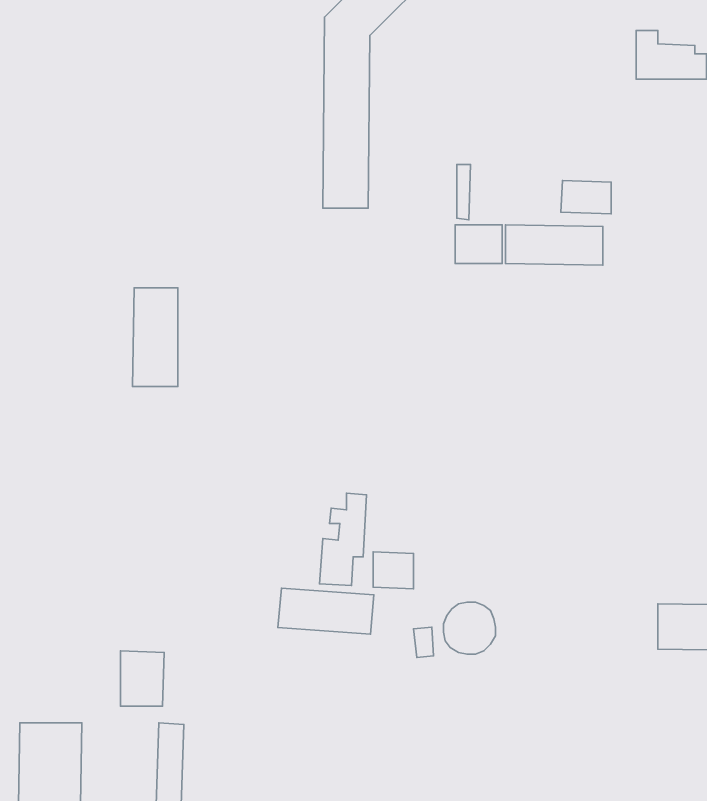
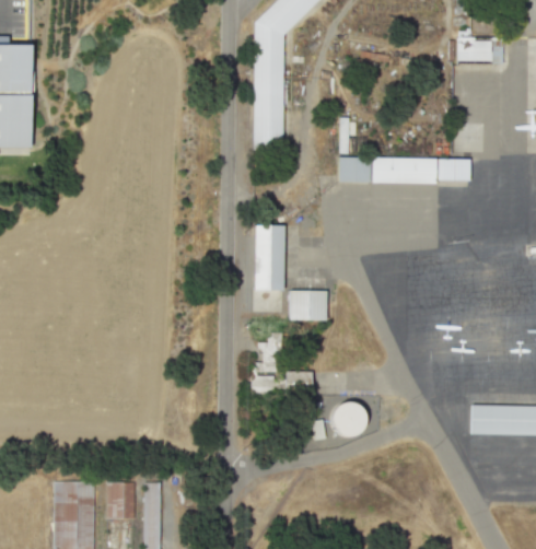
building: [561,180,611,214] -> [438,159,470,180]
building: [133,288,178,387] -> [254,225,283,290]
building: none -> [290,291,326,320]
building: [278,588,374,634] -> none
building: [121,651,164,706] -> [107,482,136,518]

